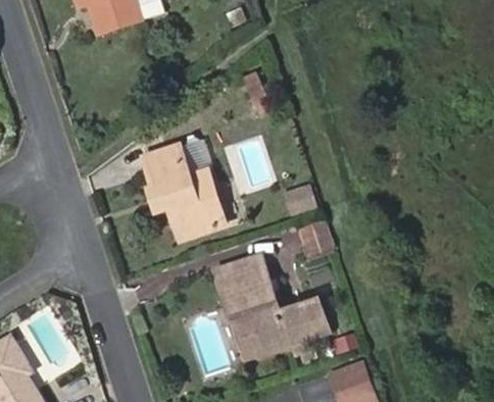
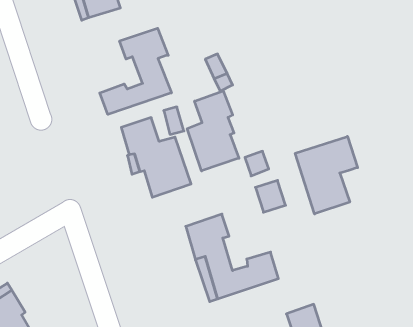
building: none -> [100,28,171,114]
building: none -> [187,91,239,171]
building: none -> [295,136,358,214]

